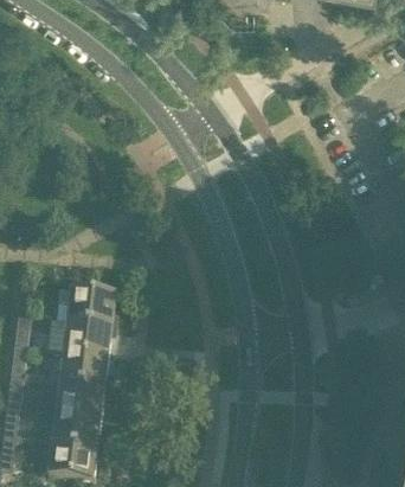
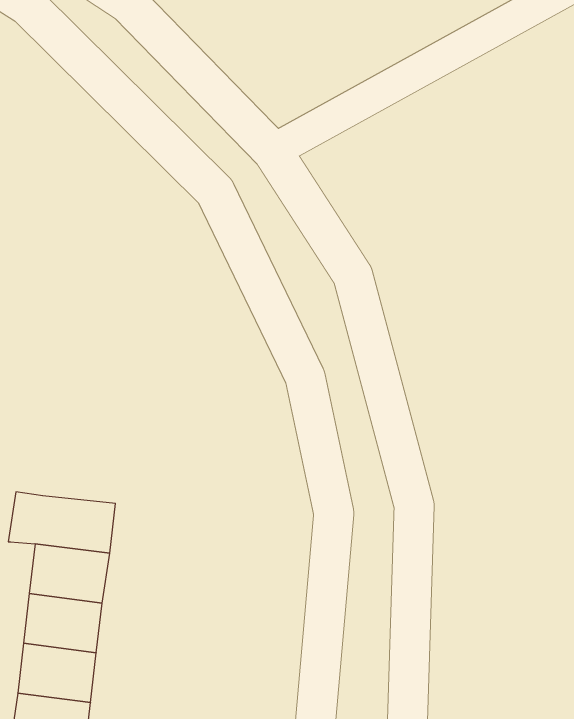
building: [69,283,117,320] -> none

